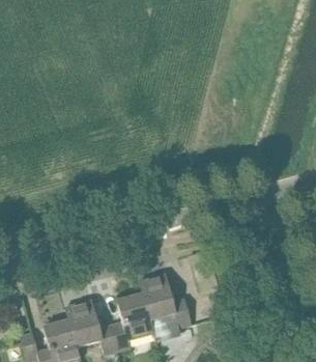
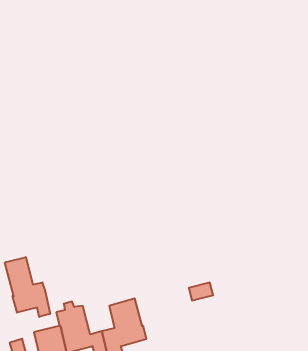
building: none -> [5,257,50,317]
building: [139,274,192,340] -> none

